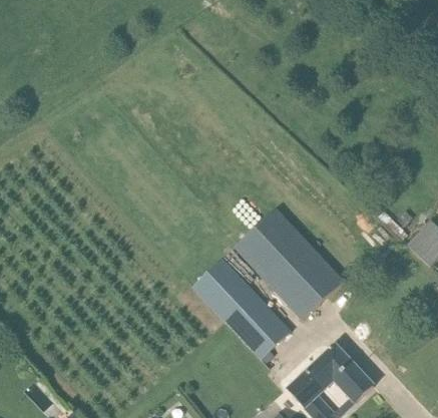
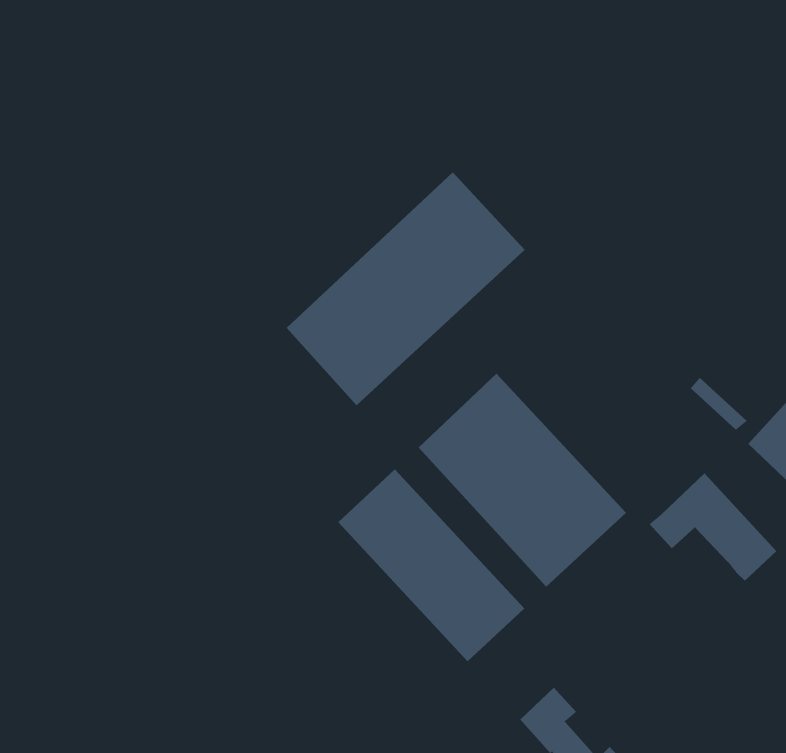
building: none -> [286,172,525,406]
building: [306,345,373,402] -> [649,472,777,582]

